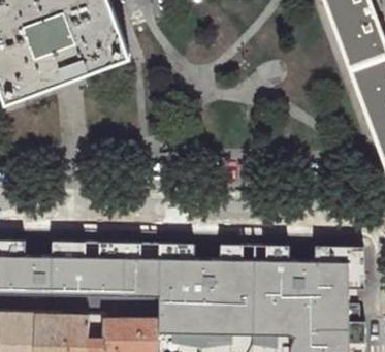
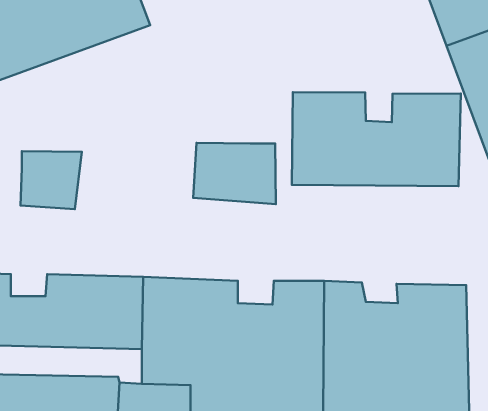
building: none -> [292,92,461,186]
building: none -> [193,143,276,204]
building: none -> [21,151,82,209]

